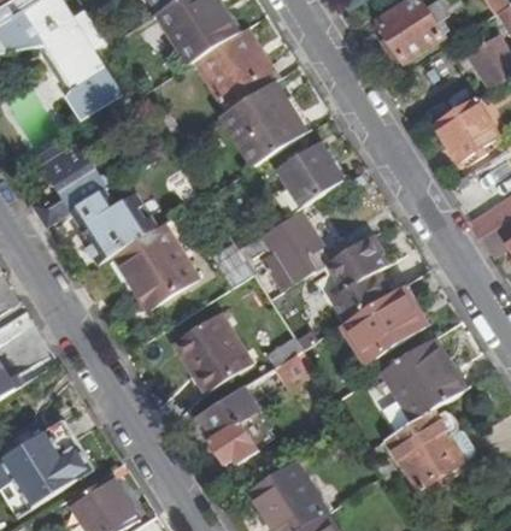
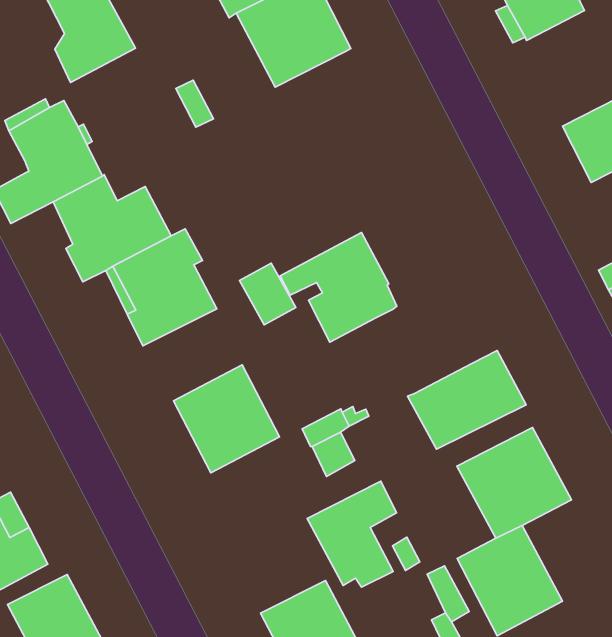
building: [221,82,306,166] -> none
building: [278,144,343,208] -> none
building: [324,236,386,323] -> none
building: [193,388,258,465] -> [307,481,397,587]

